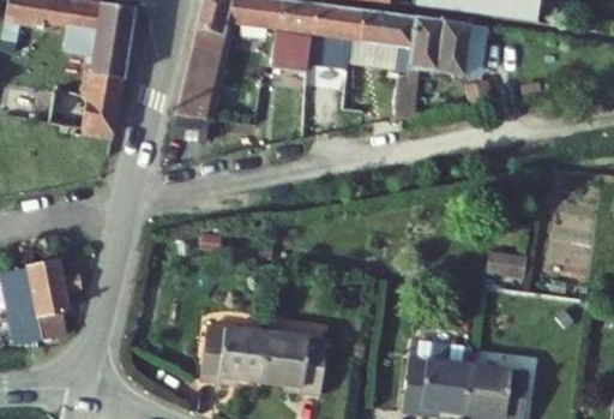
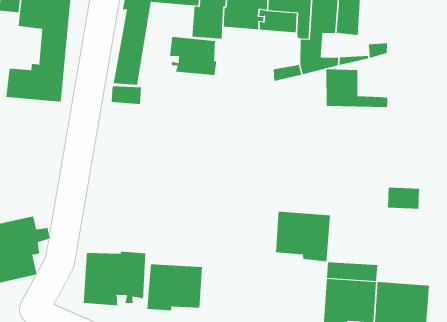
building: none -> [169,36,217,76]
building: none -> [326,69,388,108]
building: none -> [83,251,146,306]
building: [263,333,330,395] -> [275,211,331,262]

